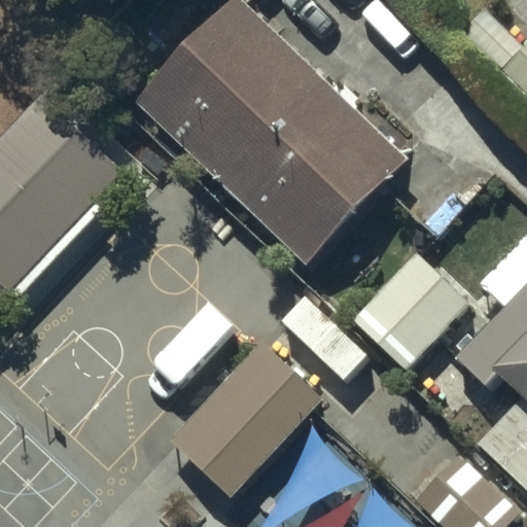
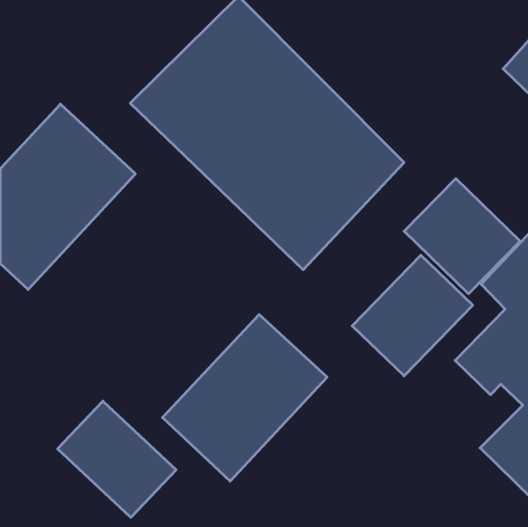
building: none -> [404,179,520,294]
building: none -> [58,401,176,517]

